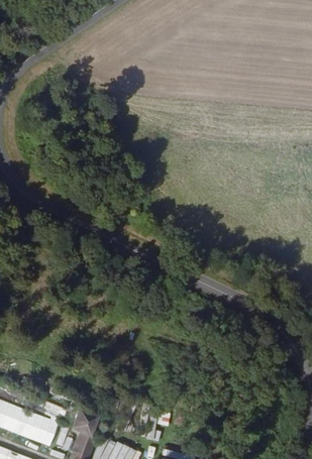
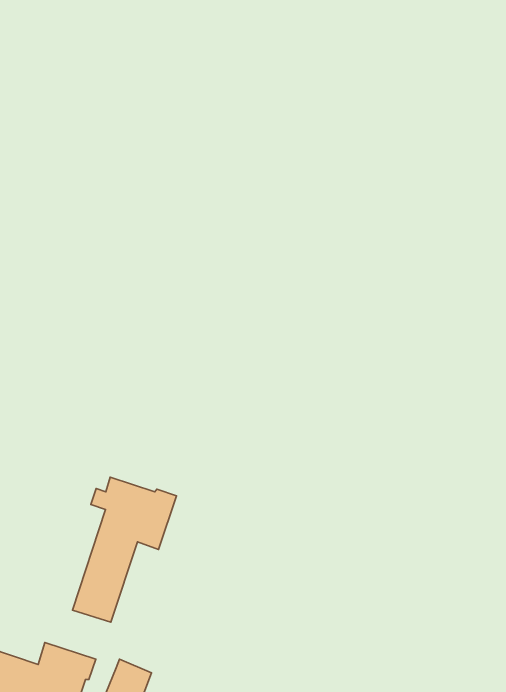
building: none -> [73,477,176,622]

